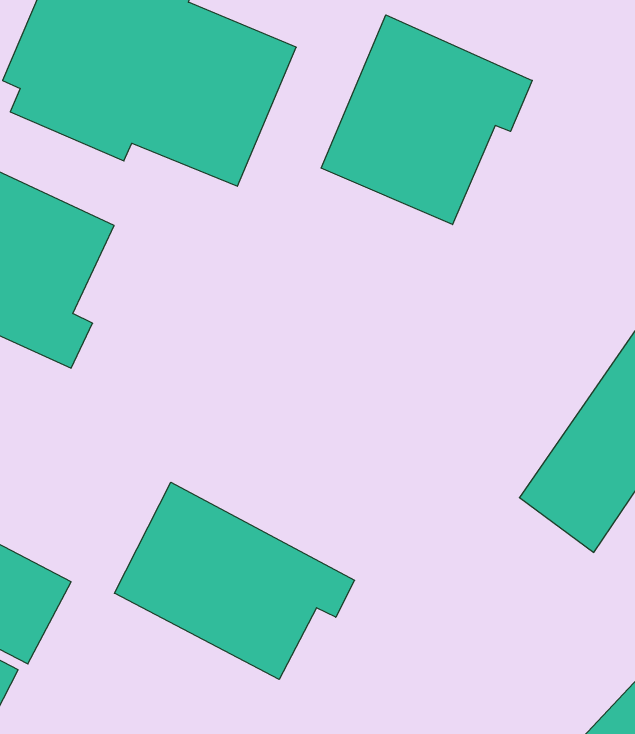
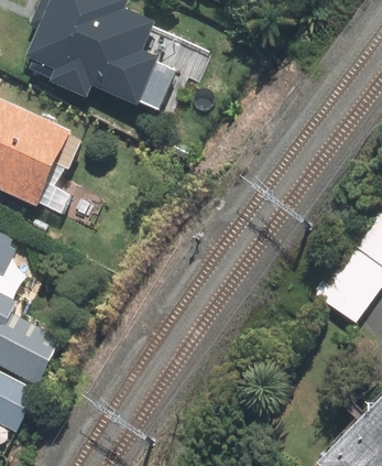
building: [321,15,532,225] -> none
building: [114,482,355,679] -> none

